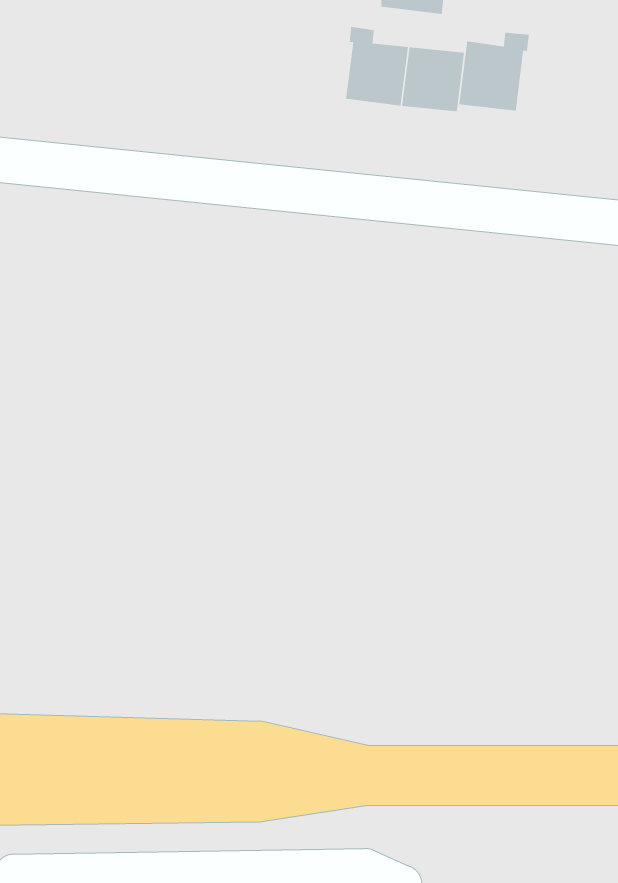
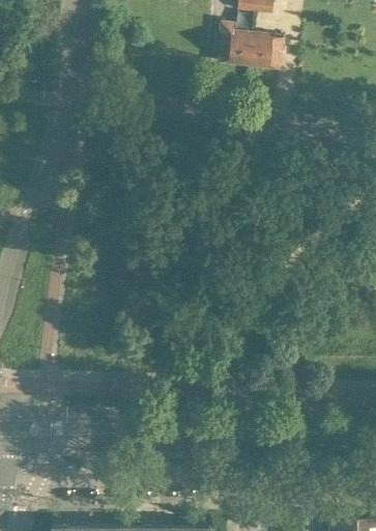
building: [458,32,530,111] -> none

